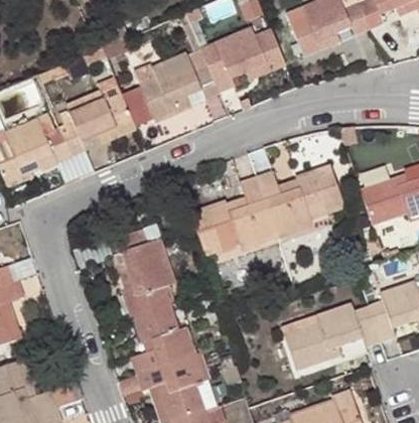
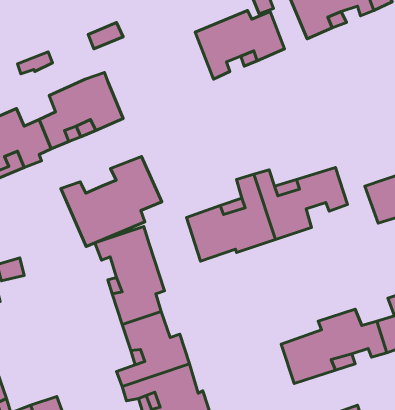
building: [134,46,219,117] -> none
building: none -> [61,156,162,246]

